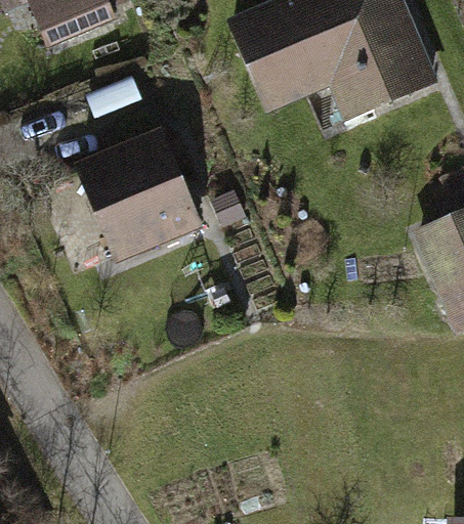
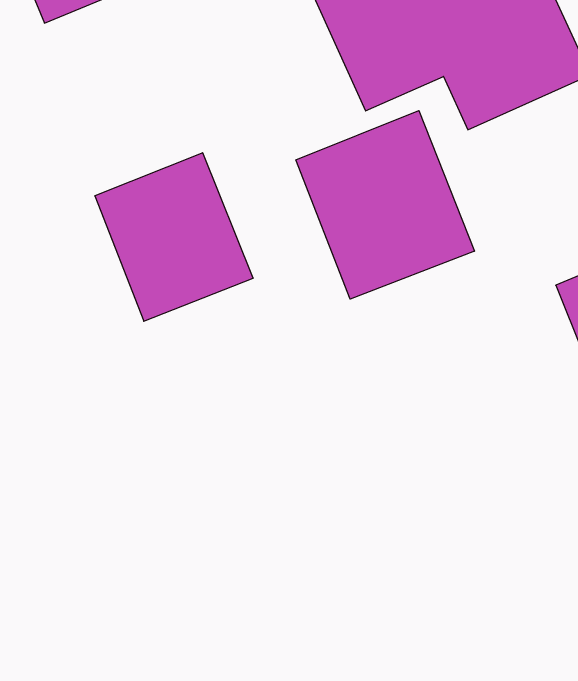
building: none -> [296,111,474,299]

